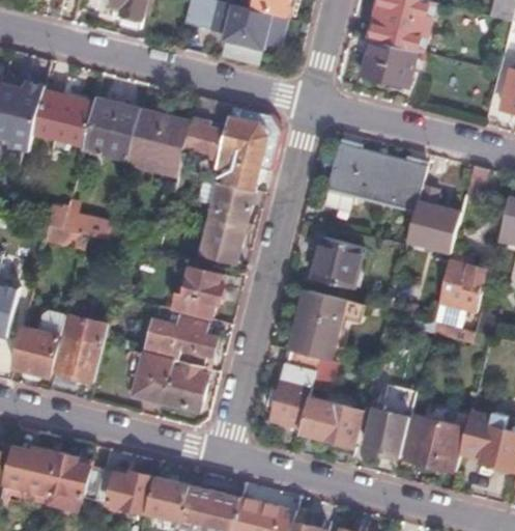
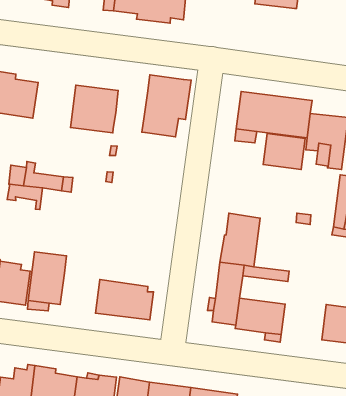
building: [361,40,417,87] -> none
building: [82,102,140,165] -> none
building: [184,119,226,162] -> none
building: [199,181,254,264] -> none
building: [318,240,373,288] -> [263,133,305,170]
building: [172,268,224,319] -> none
building: [136,317,214,371] -> none
building: [366,385,416,457] -> none

